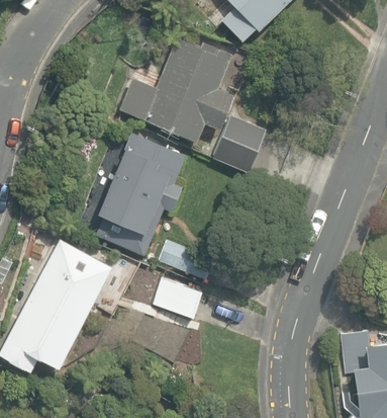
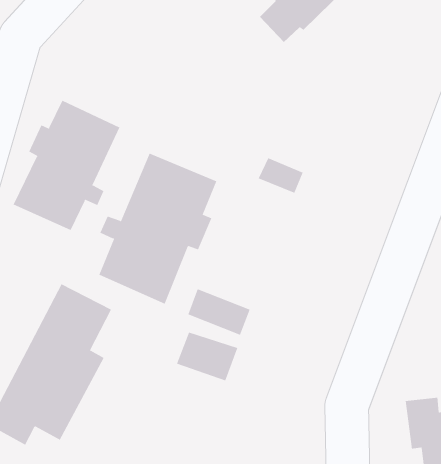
building: [120,38,234,143] -> none
building: none -> [13,100,120,231]

